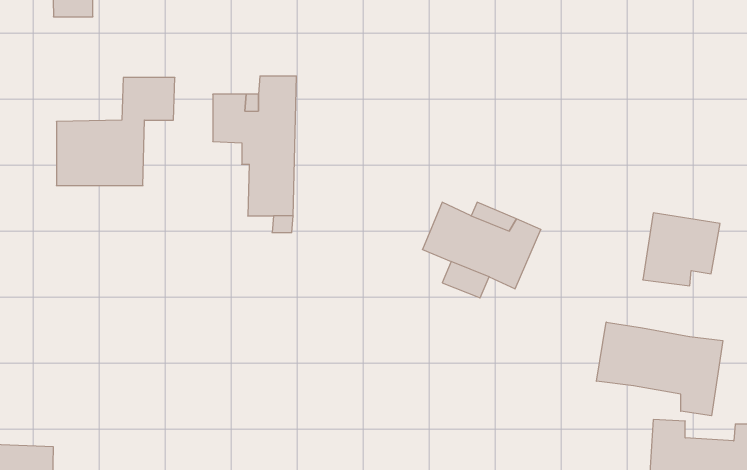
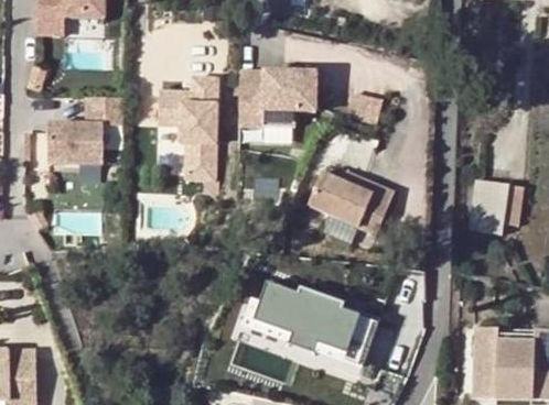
building: none -> [241,69,323,140]
building: [596,322,723,416] -> none
building: none -> [259,280,379,360]

